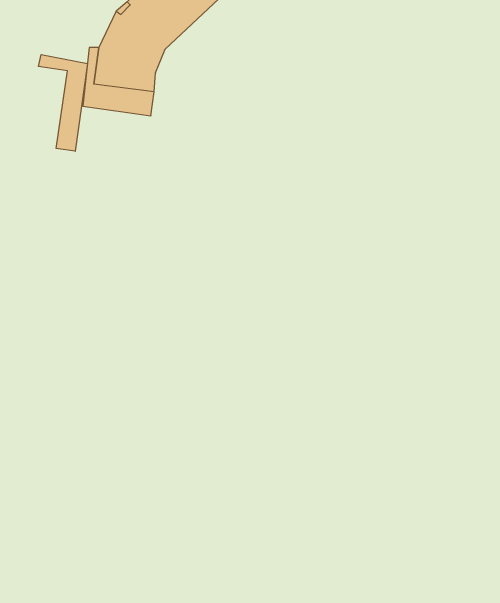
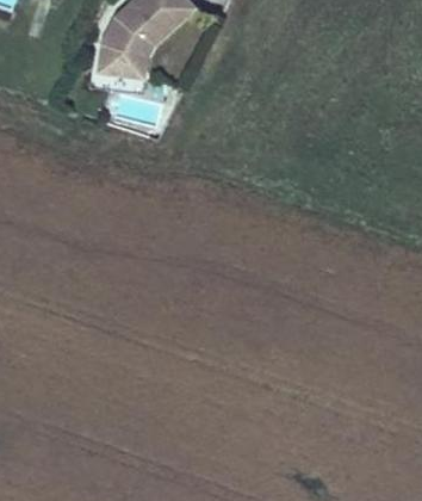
building: [38,55,88,151] -> none

